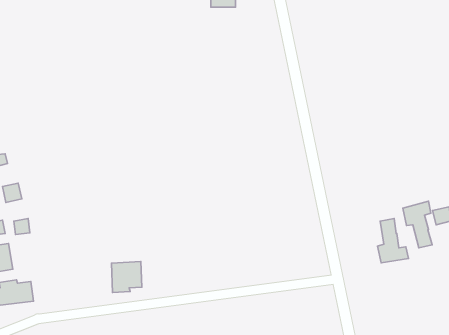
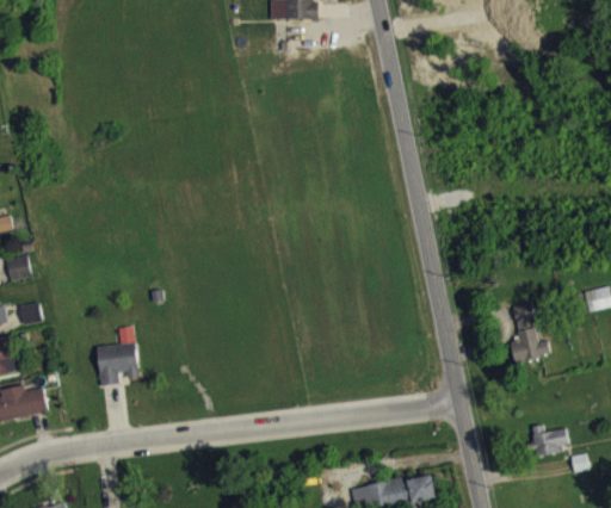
building: [403,201,432,248] -> none
building: [112,261,142,292] -> [97,342,137,384]
building: none -> [530,425,567,453]

